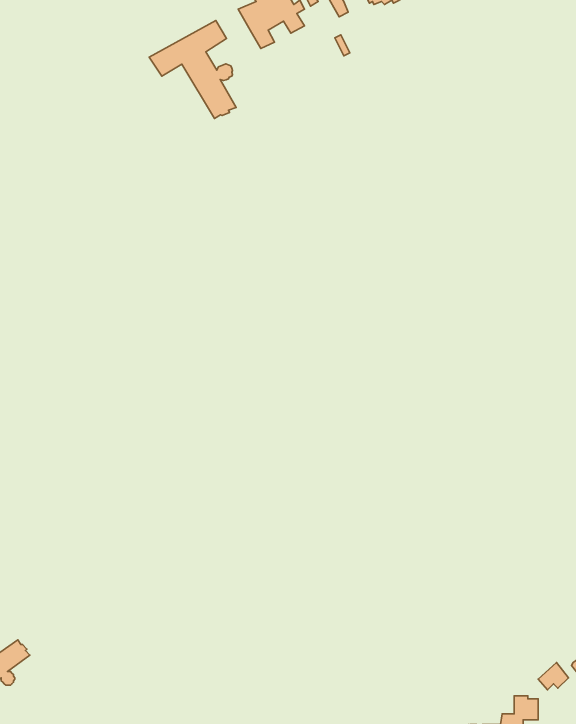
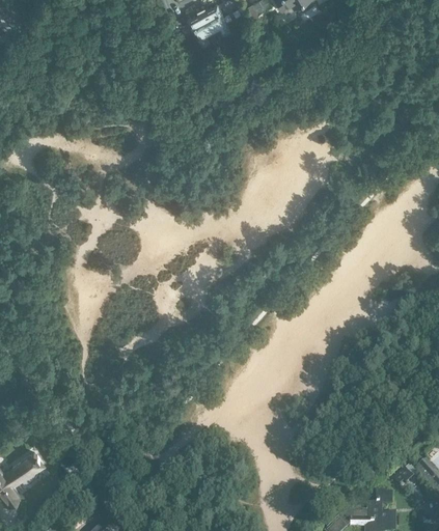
building: [149,20,236,119] -> none

